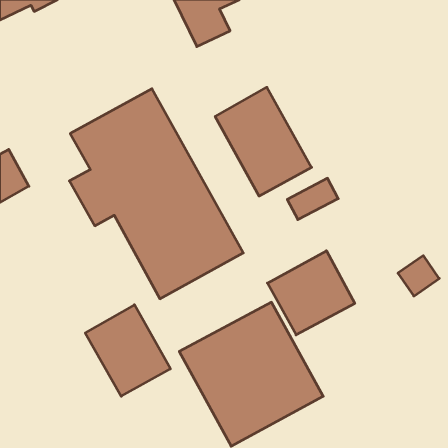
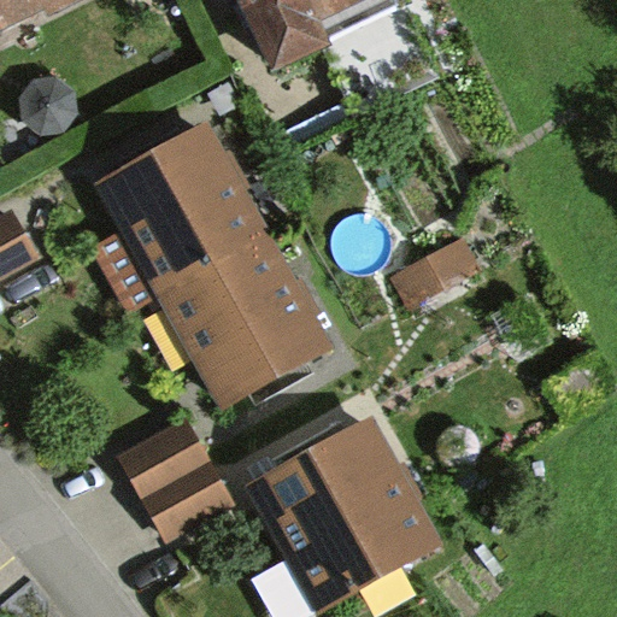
building: [215,87,312,196] -> none
building: [267,251,355,335] -> none

